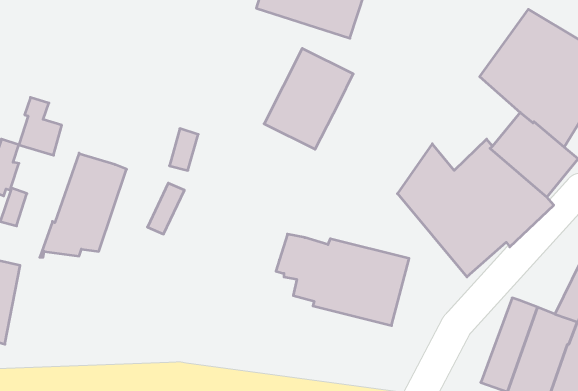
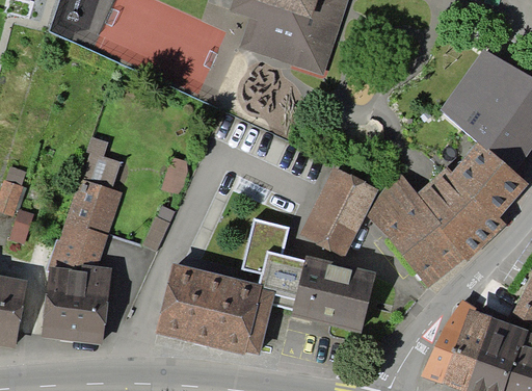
building: [264,48,353,149] -> [299,165,379,256]
building: [19,97,62,155] -> [82,135,121,187]
building: none -> [242,217,290,272]
building: none -> [155,262,276,355]
building: none -> [42,263,112,343]
building: none -> [421,298,477,383]

